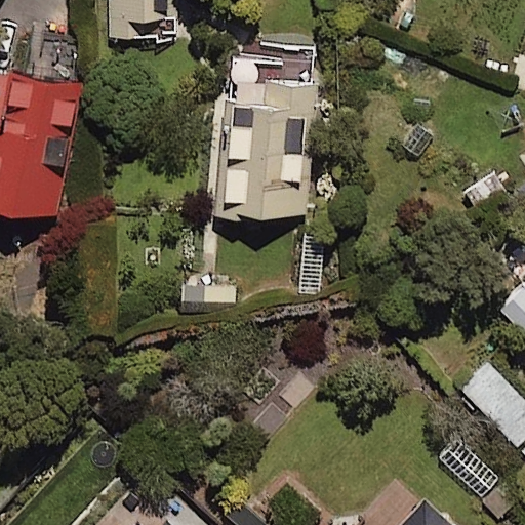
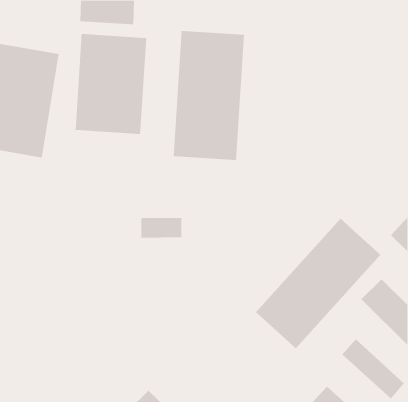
building: none -> [75,33,147,135]
building: none -> [255,218,381,349]

